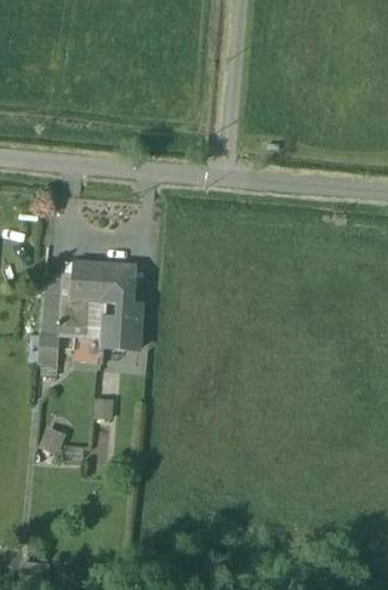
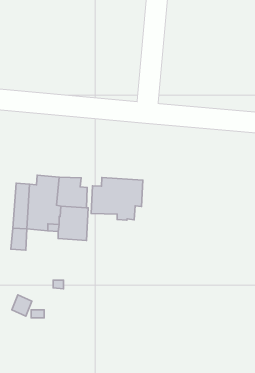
building: none -> [91,177,143,220]

